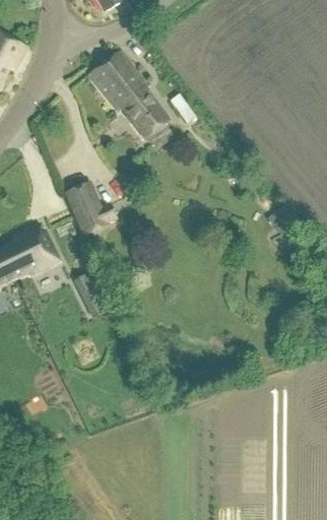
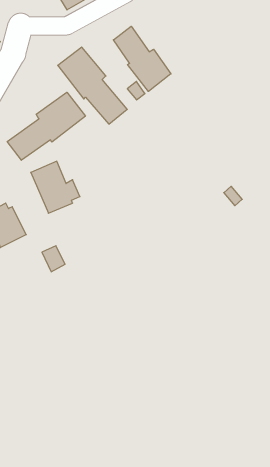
building: none -> [113,26,171,91]
building: none -> [7,92,85,160]

